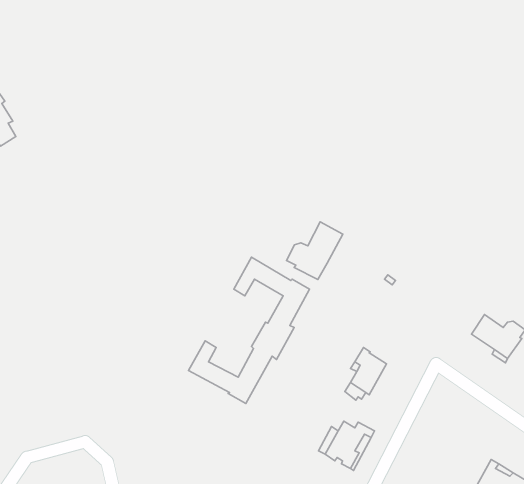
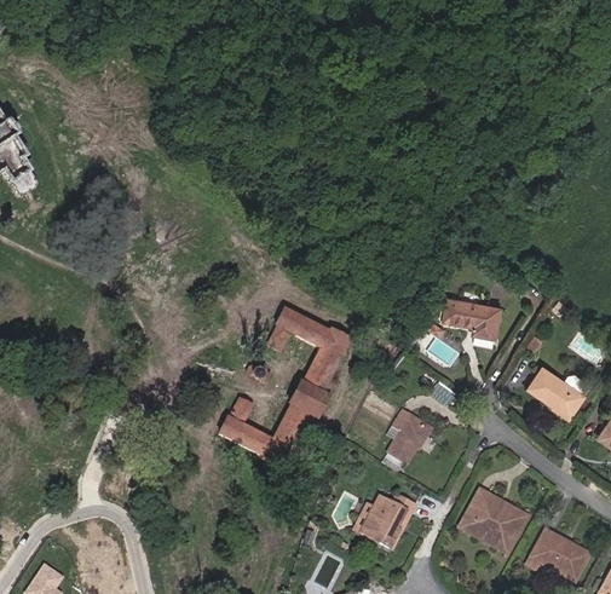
building: [287,222,343,280] -> none
building: none -> [445,300,502,350]
building: none -> [462,492,531,546]

